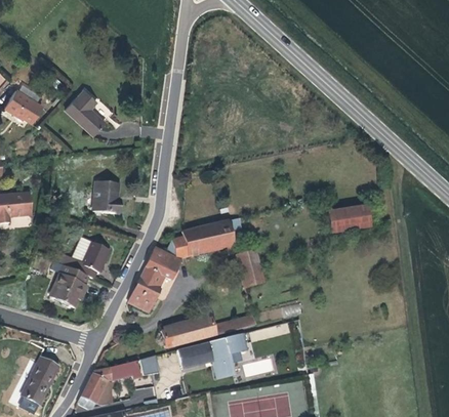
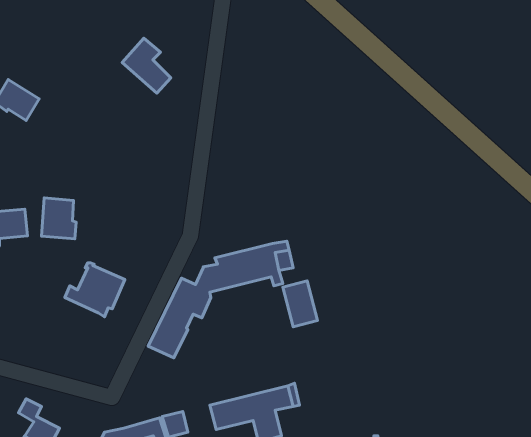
building: [66,90,105,134] -> [122,38,171,93]
building: [93,180,121,213] -> [42,198,76,239]
building: [331,204,375,232] -> none
building: [52,262,88,307] -> none
building: [161,318,255,347] -> none

